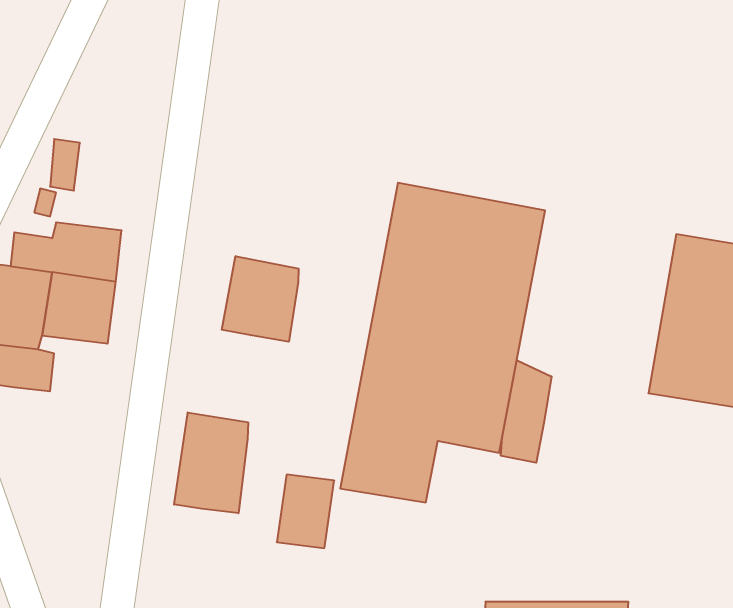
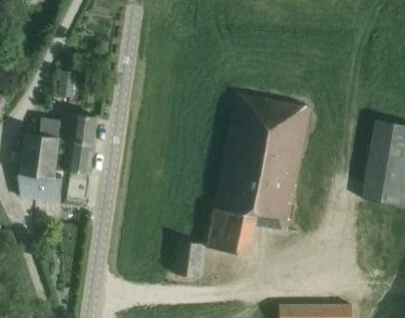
building: [222,256,299,342] -> none
building: [501,360,552,463] -> none
building: [174,412,248,513] -> none

